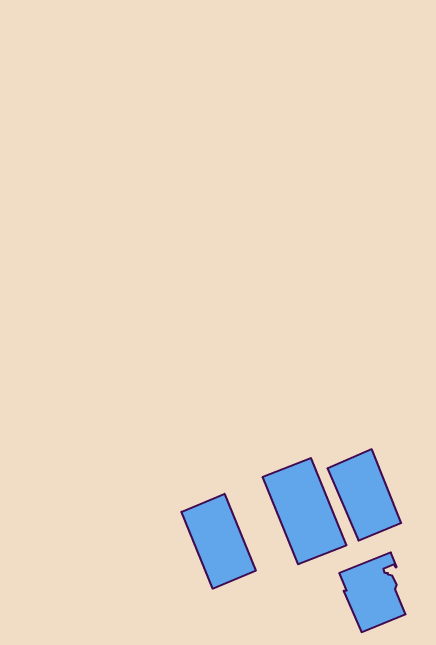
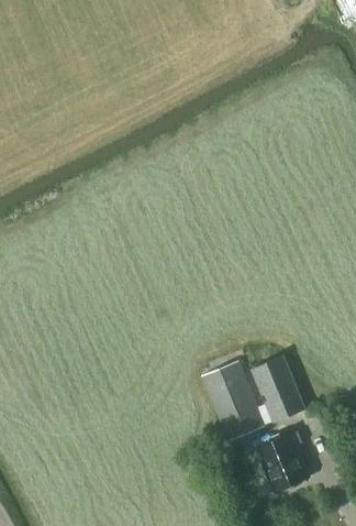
building: [181,494,256,589] -> none

